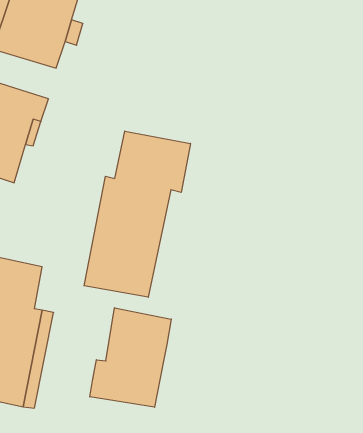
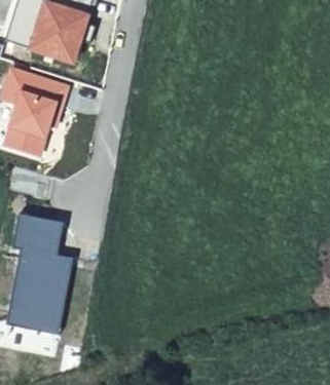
building: [84,131,190,297] -> none
building: [90,308,171,407] -> none

